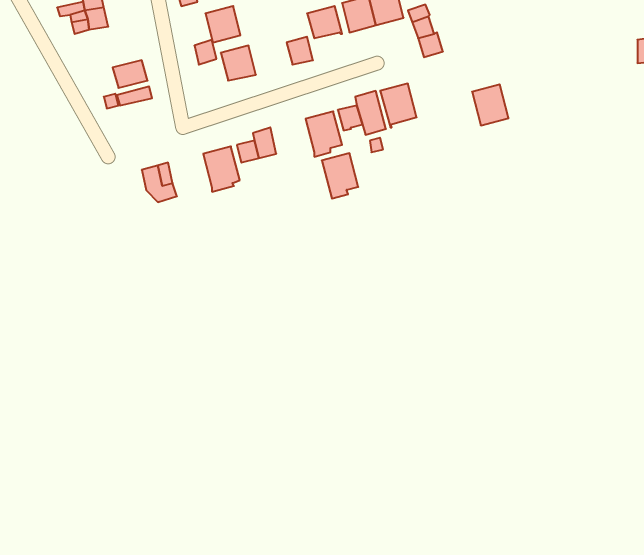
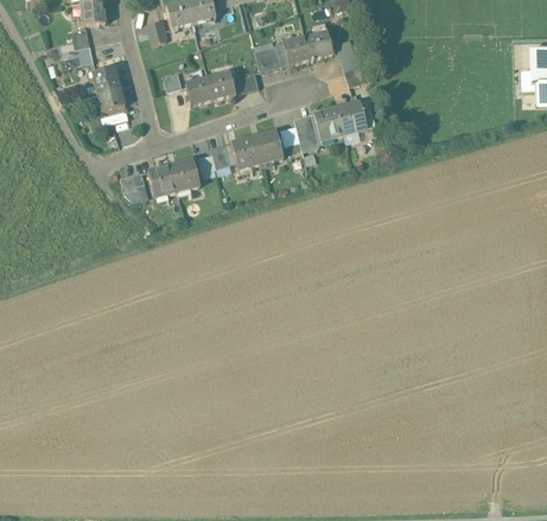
building: [205,6,240,43] -> [208,70,236,100]
building: none -> [91,65,121,94]
building: [472,84,509,125] -> [337,101,367,134]
building: [322,153,358,199] -> [231,135,261,172]
building: none -> [148,164,178,201]

